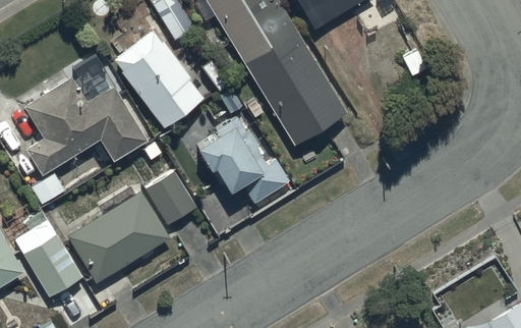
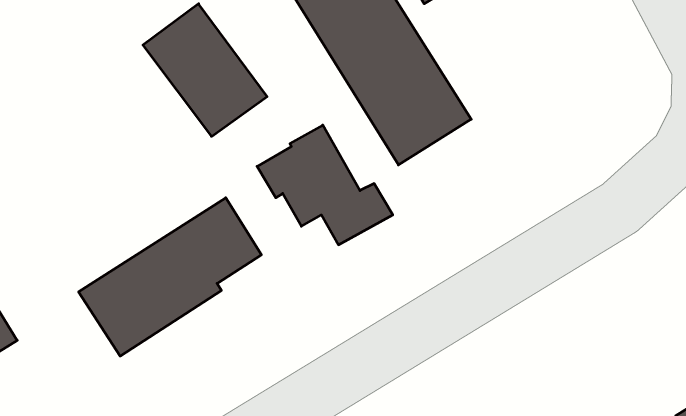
building: [26,79,146,174] -> none
building: [16,222,81,296] -> none

